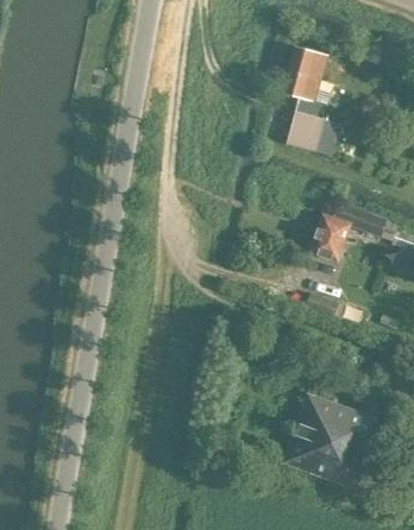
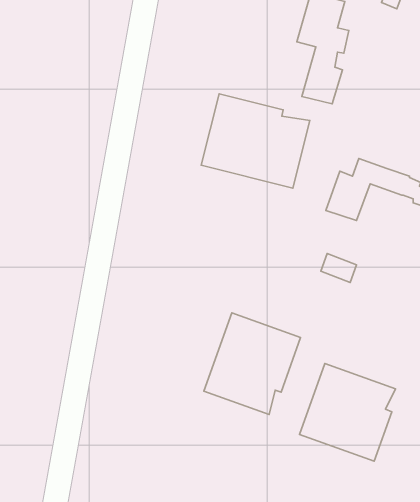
building: none -> [201,94,310,188]
building: none -> [204,313,301,415]

